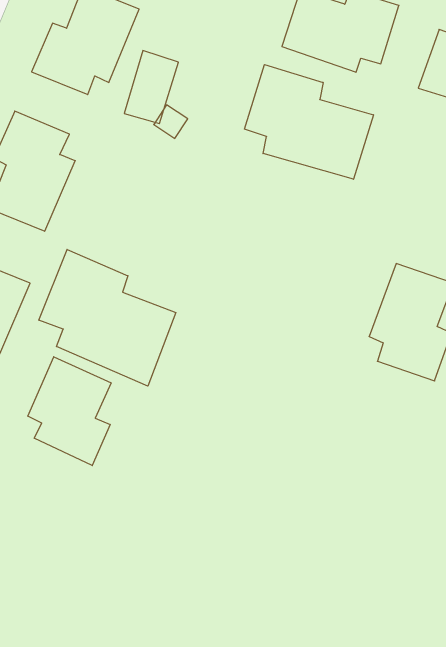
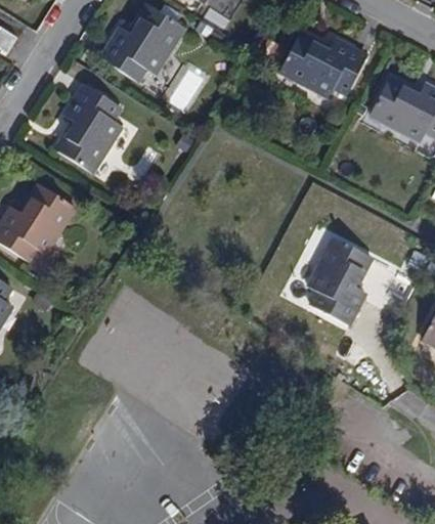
building: [245,65,373,179] -> none
building: [39,249,176,386] -> none
building: [28,357,111,466] -> none

